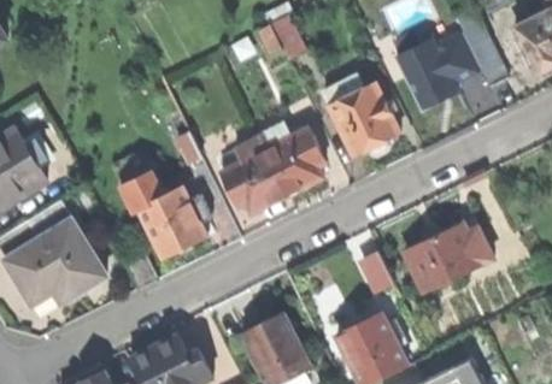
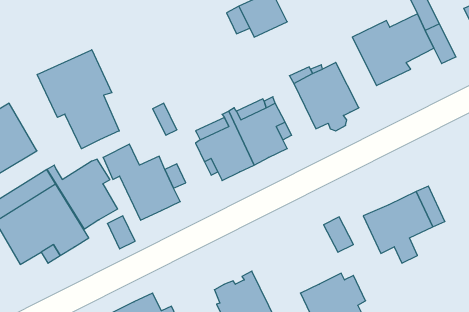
building: none -> [37,50,119,149]
building: none -> [47,159,118,229]

